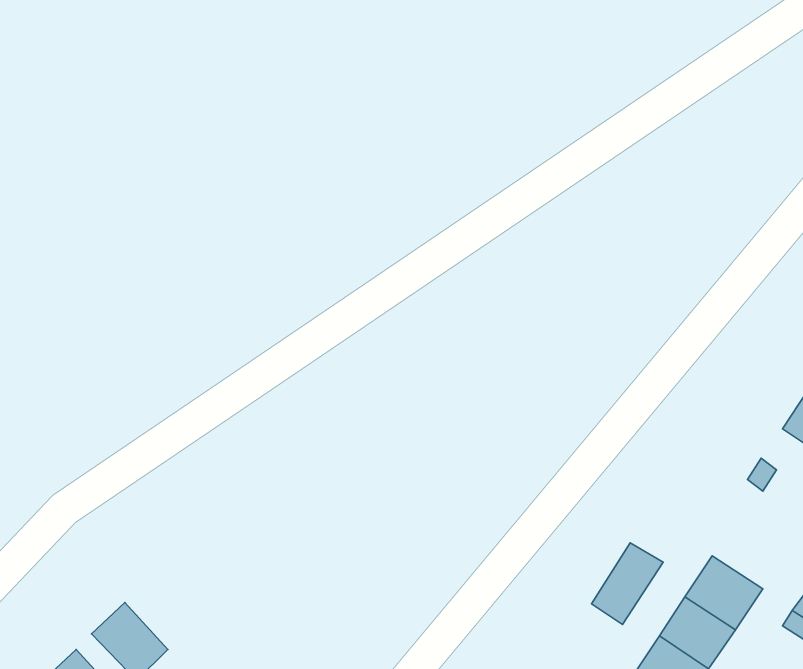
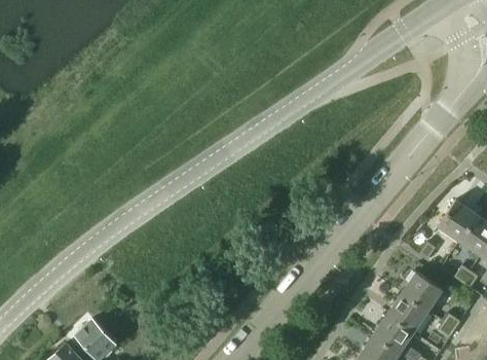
building: none -> [401,273,442,312]
building: [591,543,663,624] -> none

